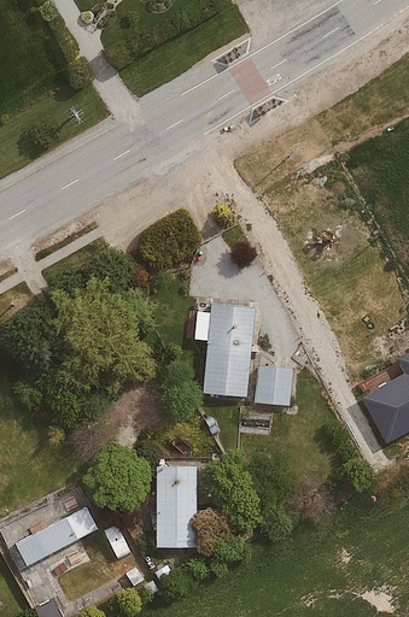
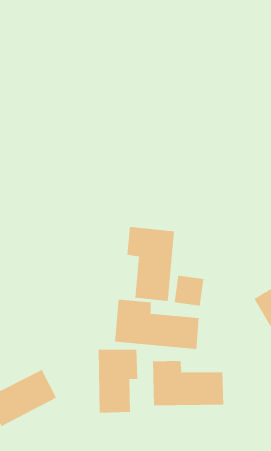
building: none -> [115,299,199,350]
building: none -> [153,360,224,406]

